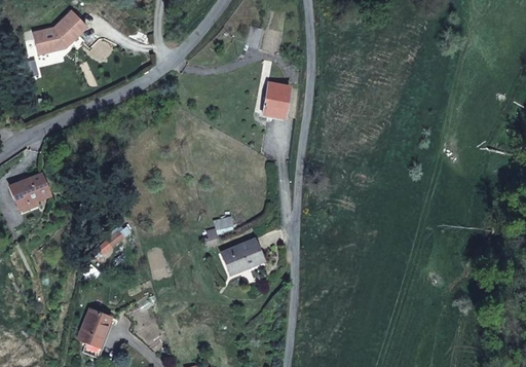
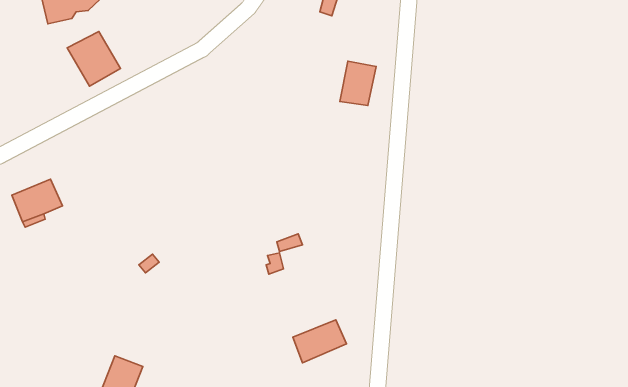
building: none -> [67,32,120,86]
building: [222,240,263,272] -> [293,320,347,363]

